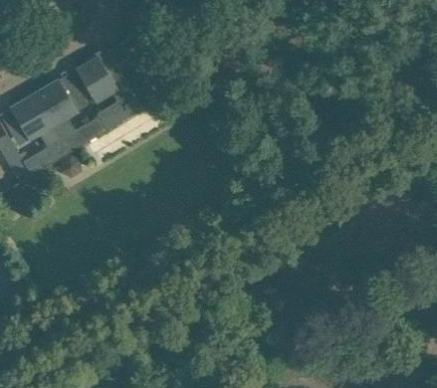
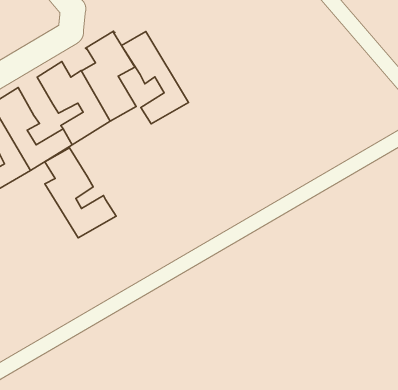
building: none -> [122,32,188,124]
building: none -> [45,148,116,238]

